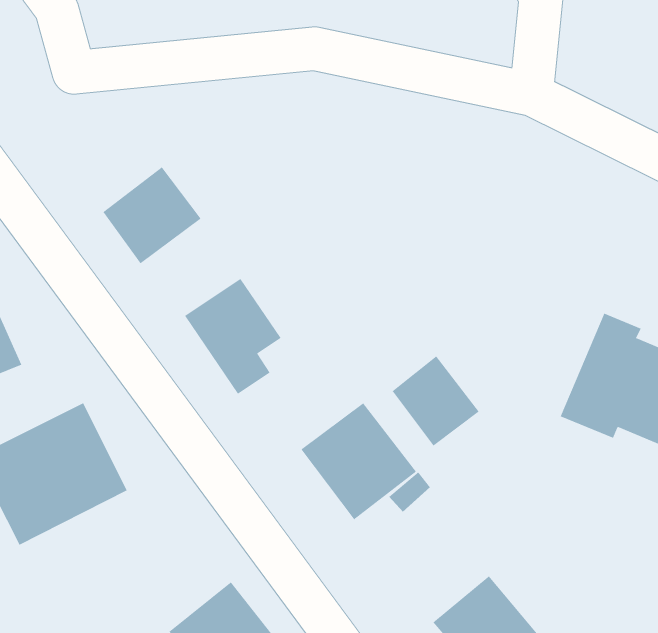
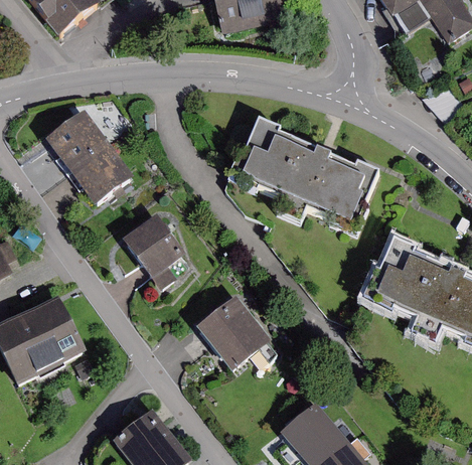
building: none -> [44,109,108,171]
building: none -> [232,120,381,227]
building: [392,356,480,447] -> none

